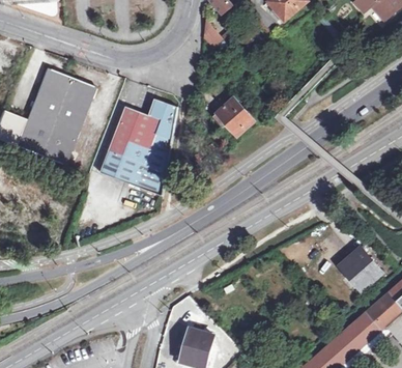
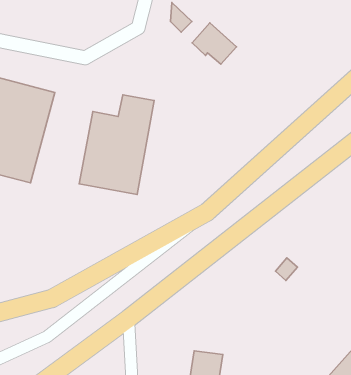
building: [217,97,255,135] -> [192,23,236,64]

